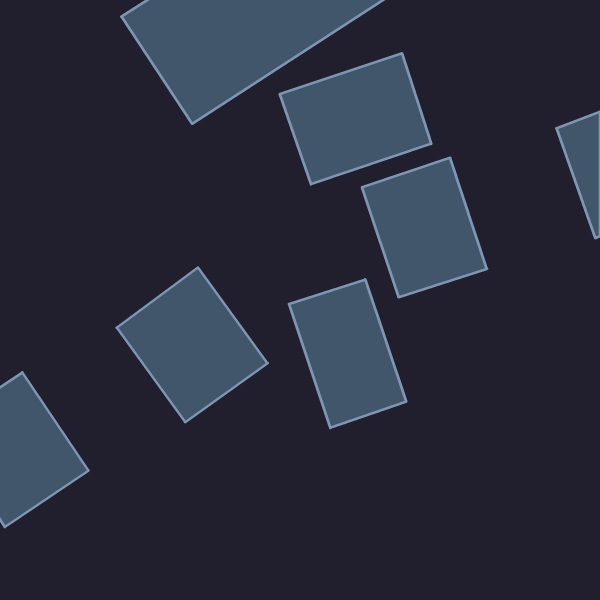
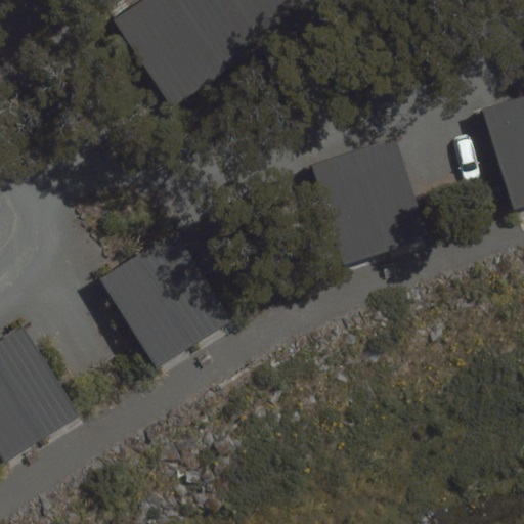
building: [280,53,431,184] -> none
building: [289,279,406,428] -> none

